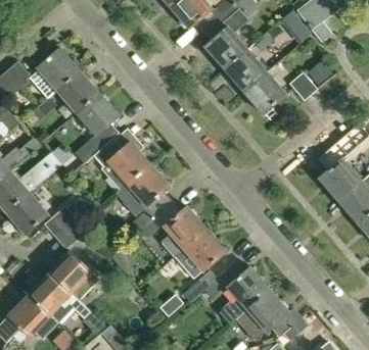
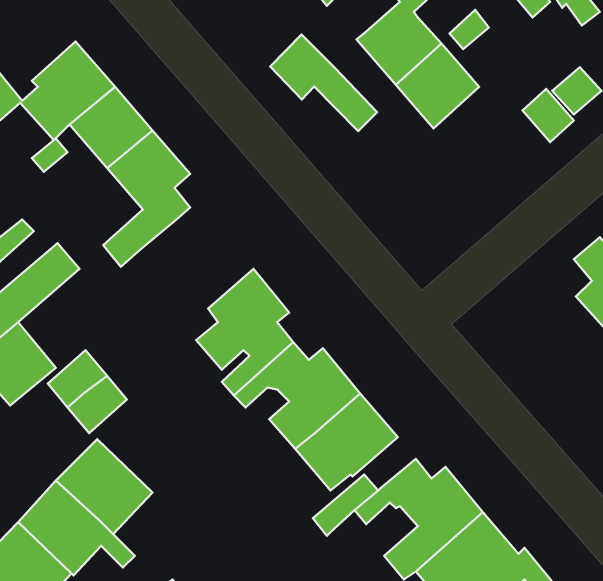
building: none -> [270,35,377,131]
building: [244,70,287,113] -> none
building: [93,139,150,194] -> none

